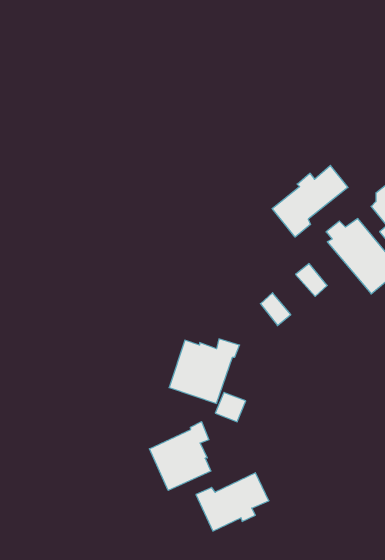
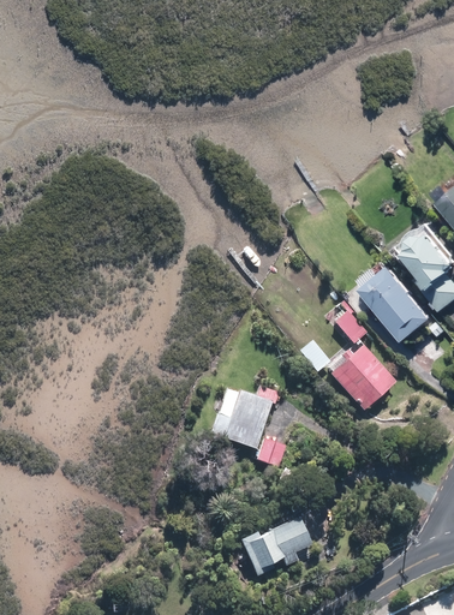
building: [272,165,348,237] -> none
building: none -> [329,345,395,411]
building: [149,422,211,490] -> none

